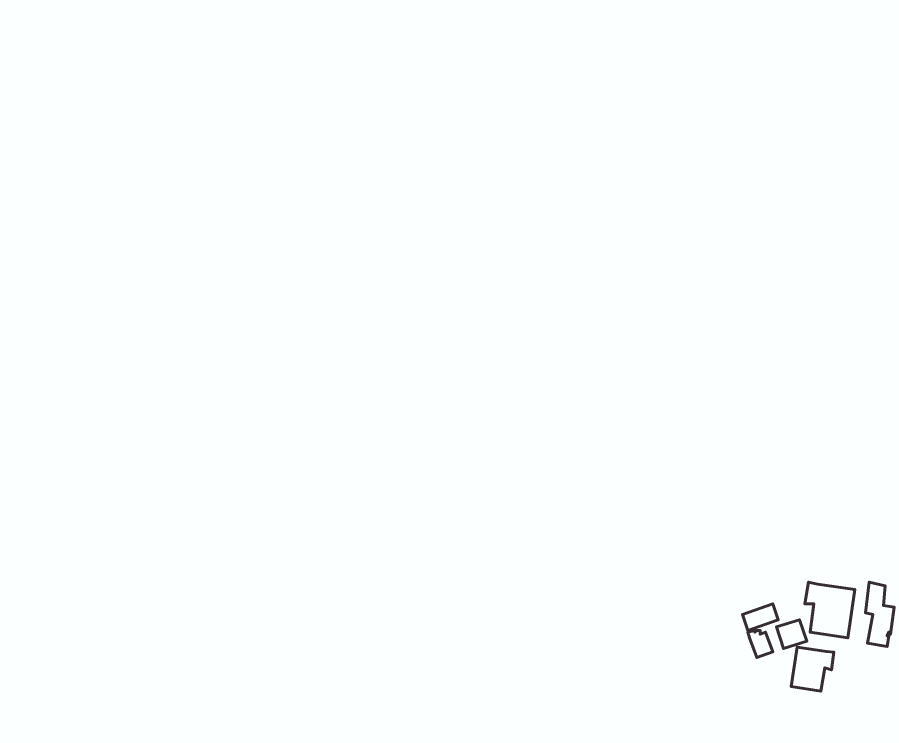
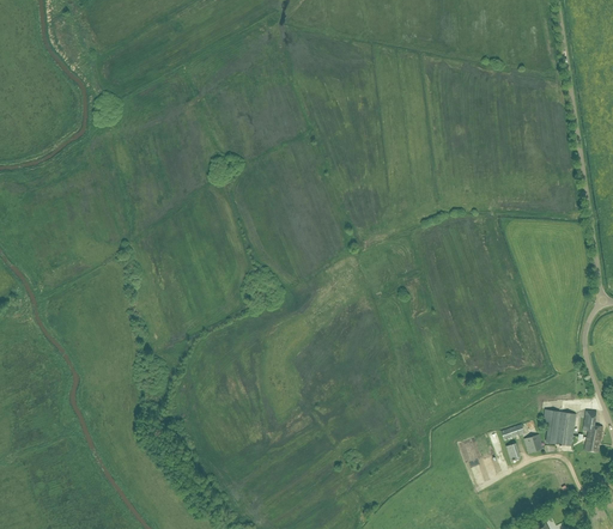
building: [791,647,834,691] -> none

